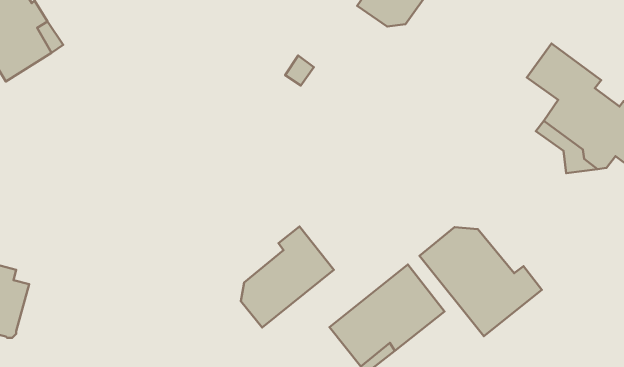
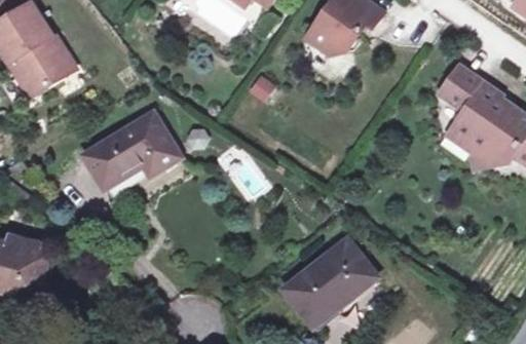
building: none -> [83,113,179,186]
building: [241,227,334,327] -> none
building: [420,227,542,336] -> none

